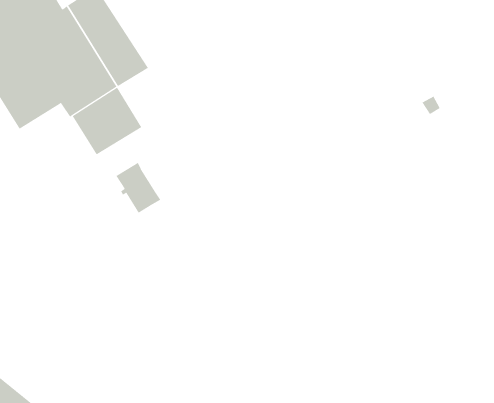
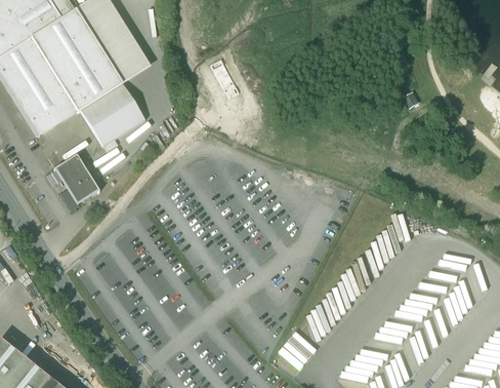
building: none -> [31,99,78,135]
building: [113,162,163,213] -> [53,154,99,201]

